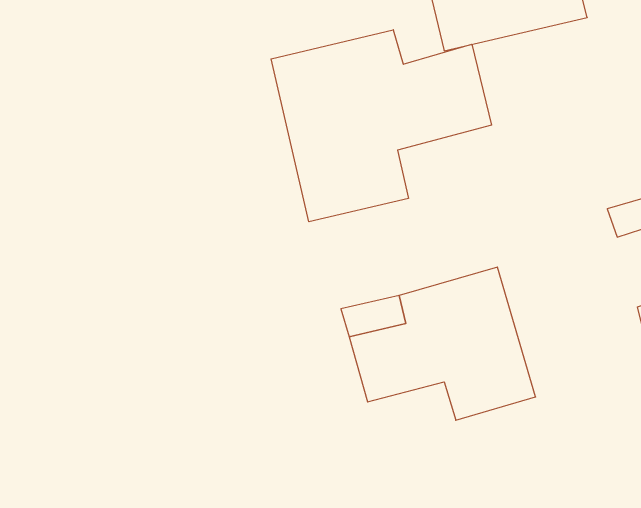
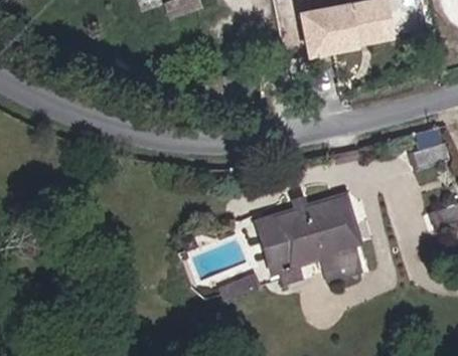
building: [271,30,492,222] -> none

